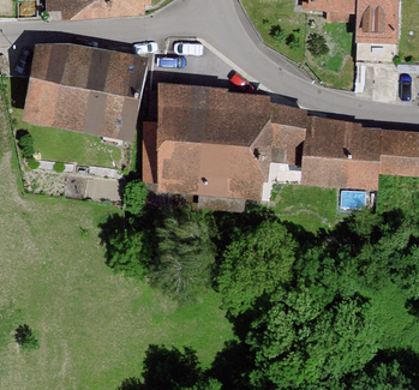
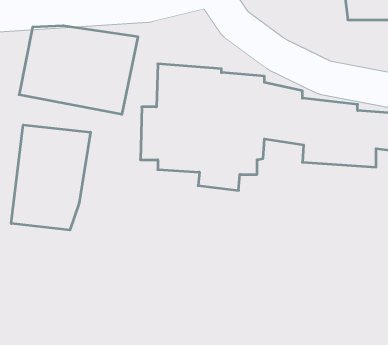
building: none -> [11,125,90,230]

